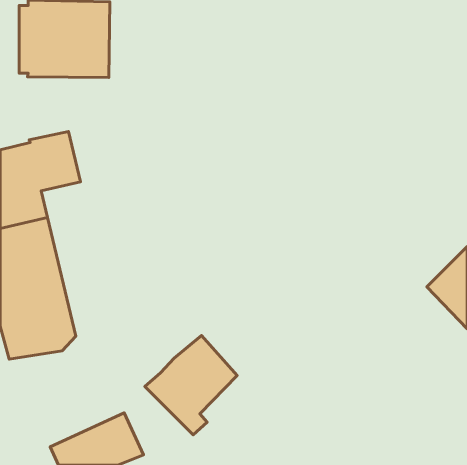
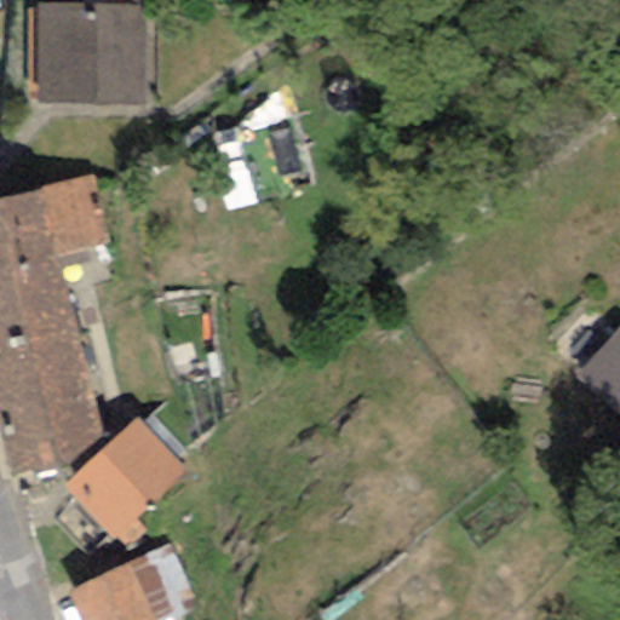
building: [145,335,237,435] -> [62,415,184,547]

